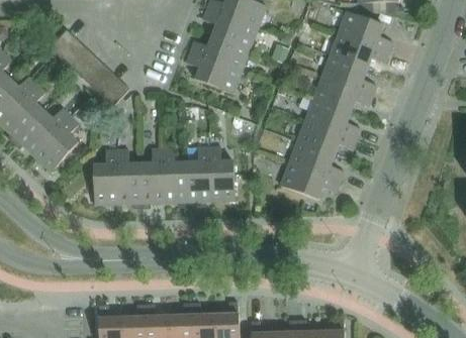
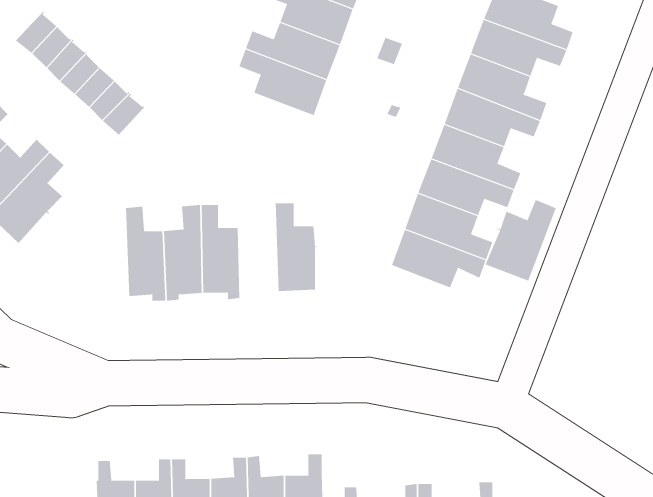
building: none -> [485,199,556,281]
building: [186,146,210,205] -> none
building: [93,149,118,204] -> none

